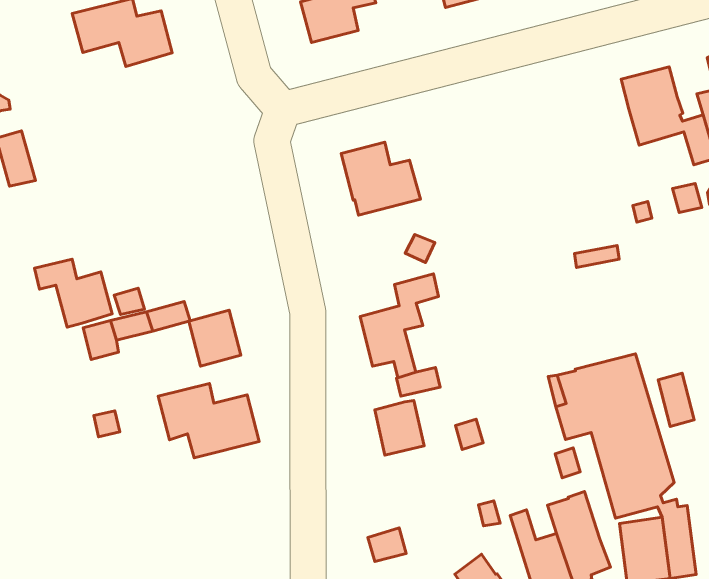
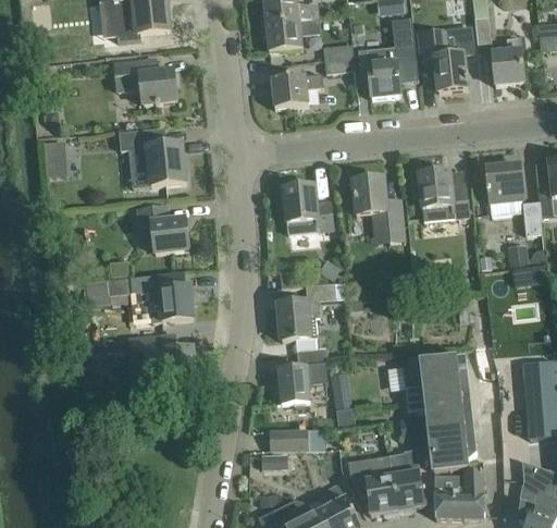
building: none -> [418,170,468,216]
building: none -> [119,127,185,184]
building: none -> [352,176,403,230]
building: [35,259,112,327] -> [139,205,188,251]
building: none -> [269,428,308,450]

